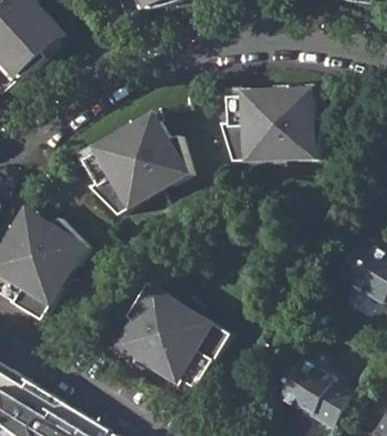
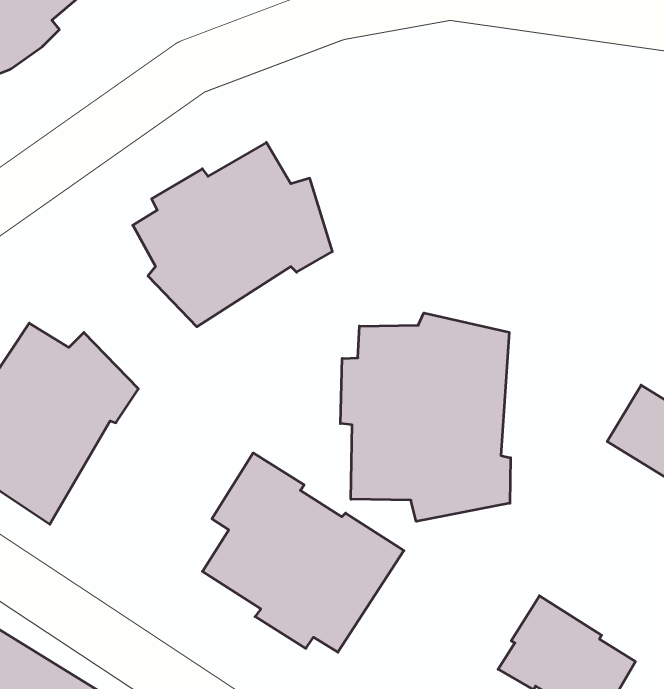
building: [224,88,325,160] -> none
building: none -> [340,313,511,521]

